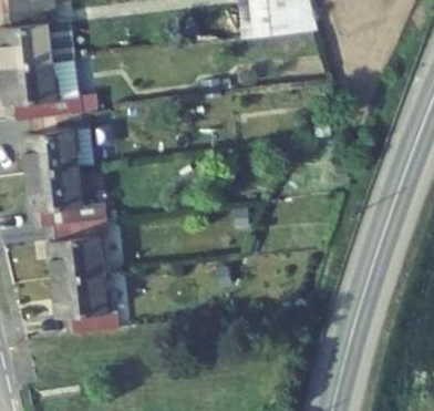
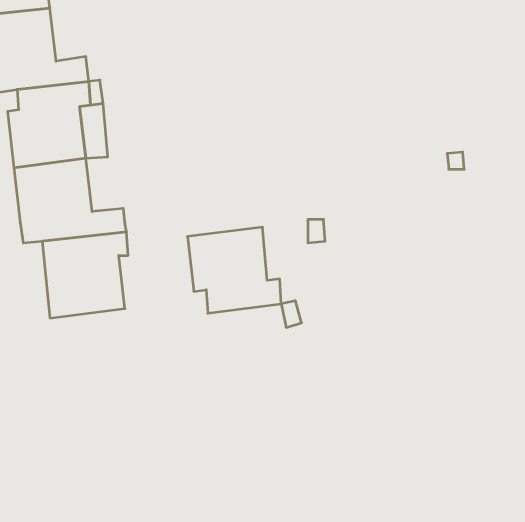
building: [58,255,124,316] -> [187,227,281,313]

